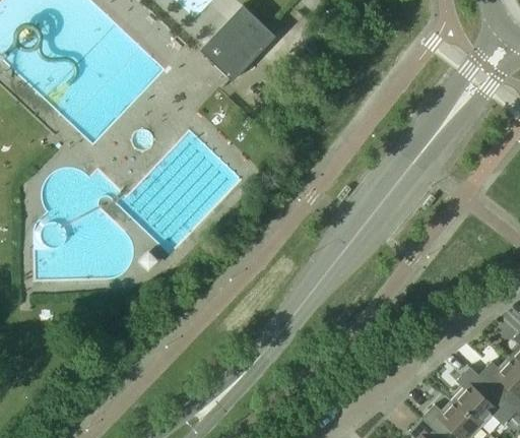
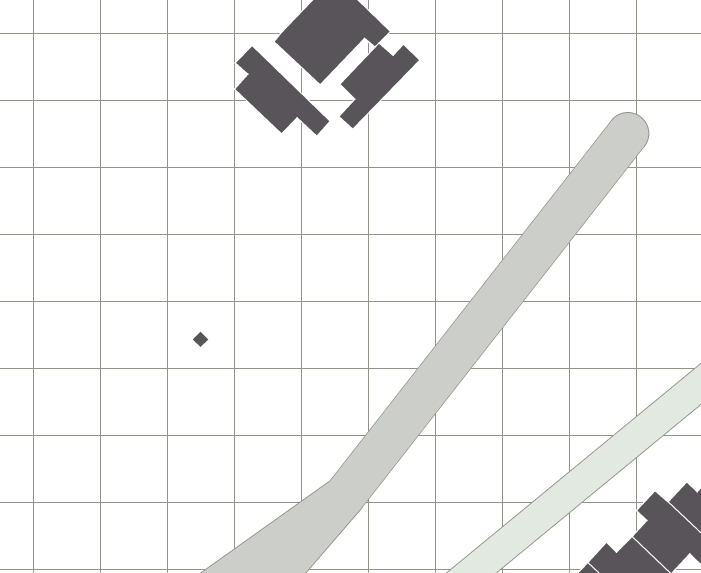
building: none -> [339,43,420,129]
building: none -> [235,45,330,136]

